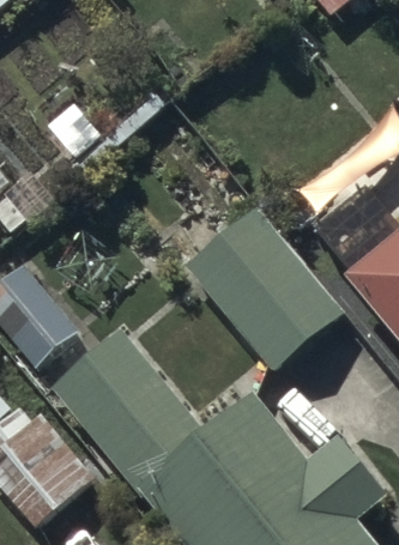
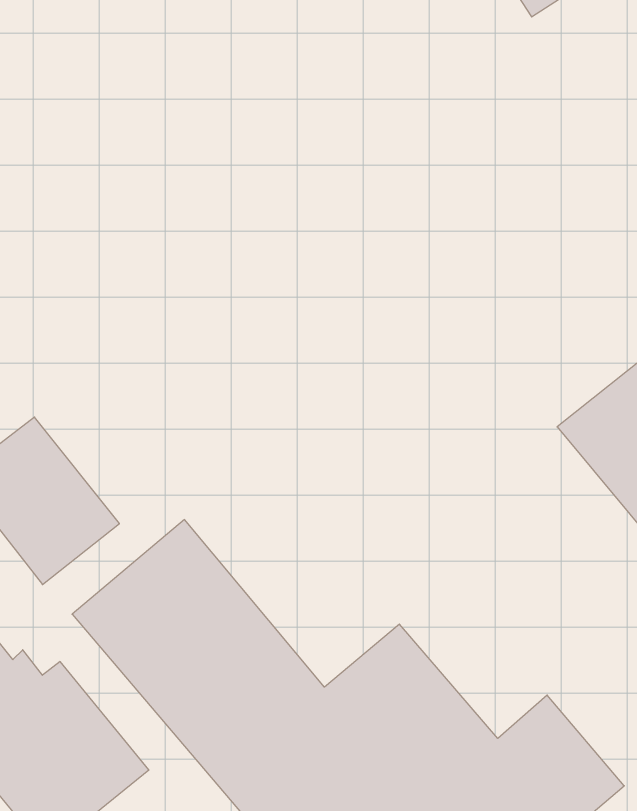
building: [186,206,344,369] -> none

